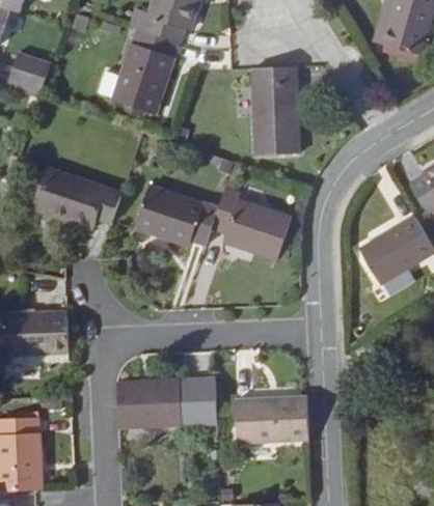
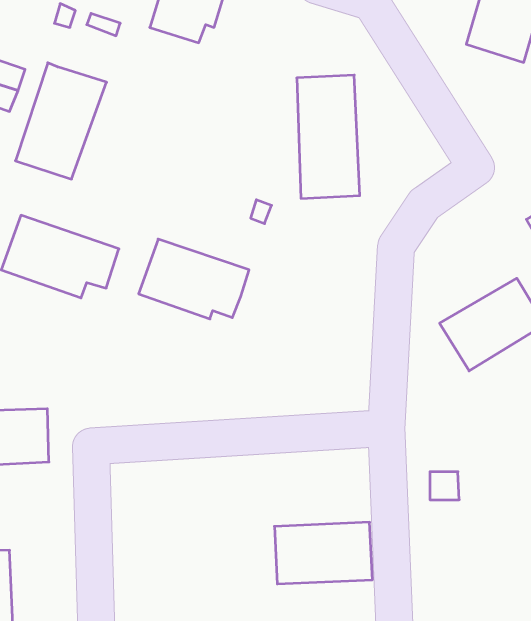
building: [112,27,180,113] -> [15,63,107,179]
building: [211,188,291,261] -> none
building: [117,378,217,427] -> none

